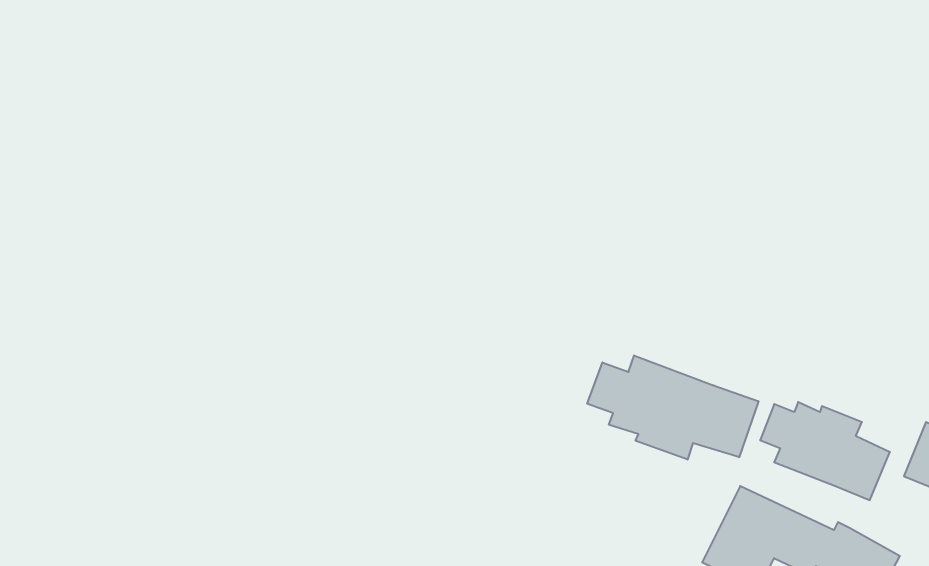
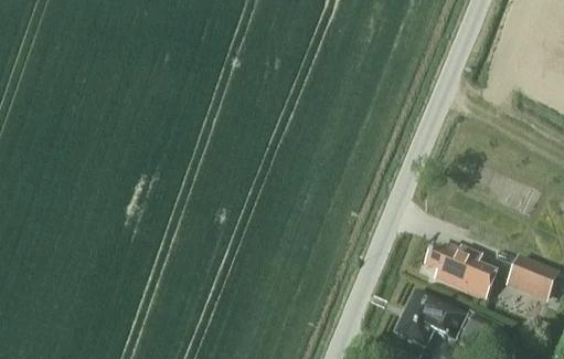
building: [587,355,758,460] -> none

